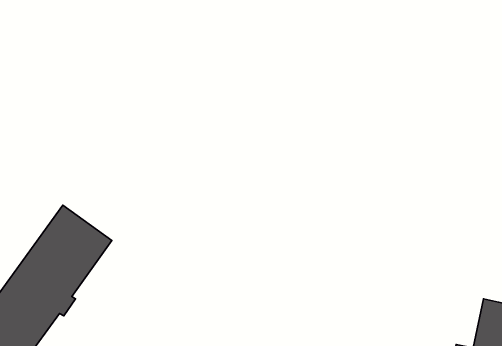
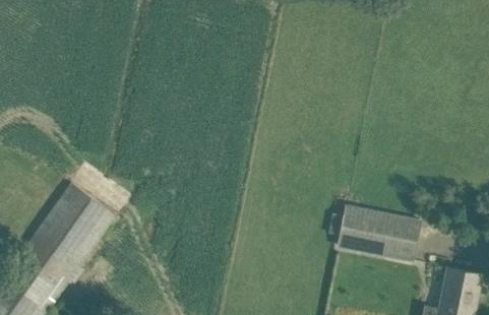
building: none -> [335,204,419,260]

